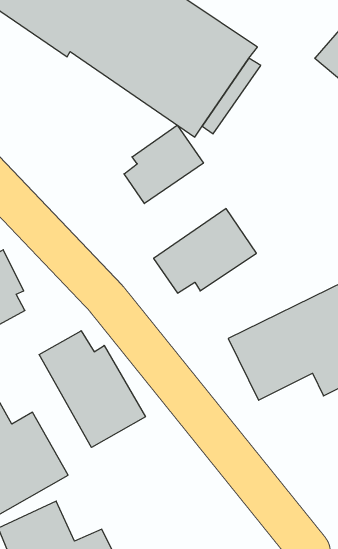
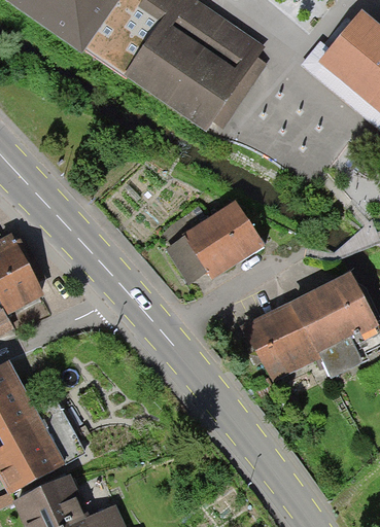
building: [124,125,203,204] -> none
building: [39,331,145,447] -> none

